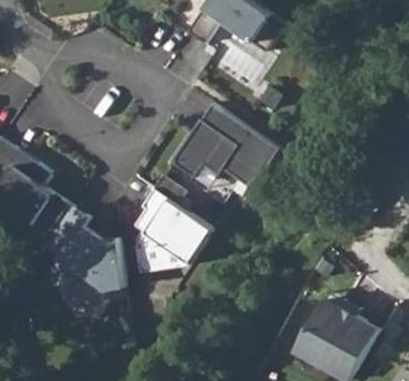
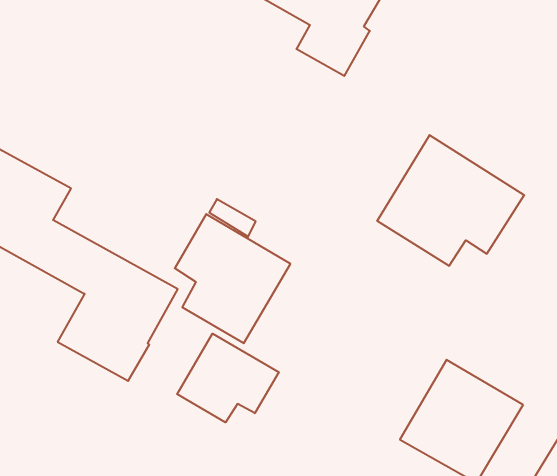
building: [171,104,278,199] -> [377,135,524,266]
building: none -> [177,334,279,422]

